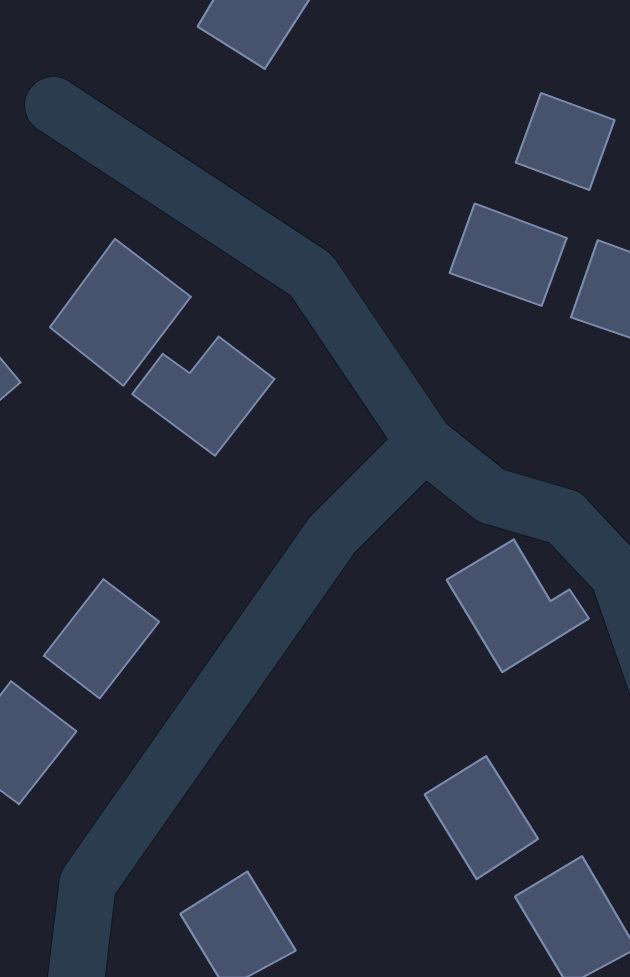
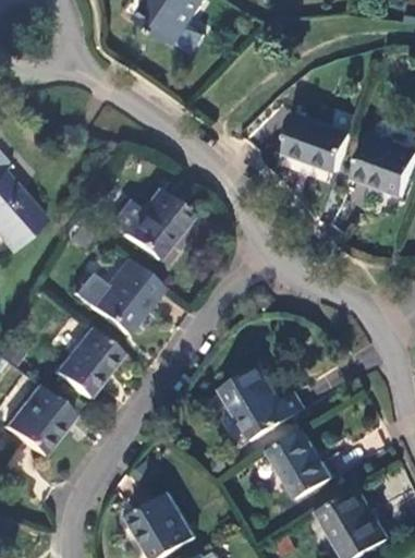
building: [516,93,615,190] -> none
building: [50,239,191,386] -> none
building: none -> [87,259,160,336]
building: [447,539,589,672] -> [223,366,304,441]

